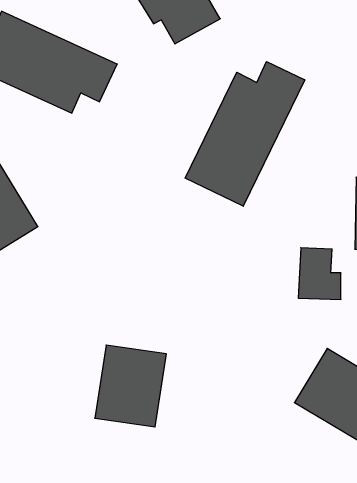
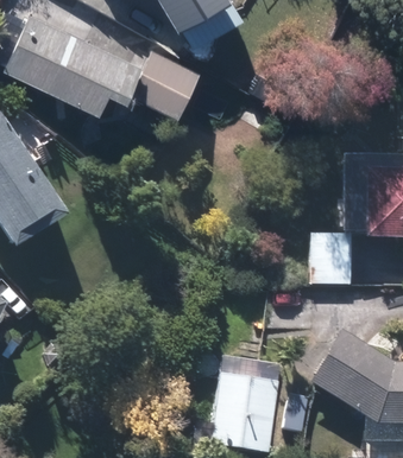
building: none -> [132,47,197,113]
building: [185,62,305,206] -> none
building: [95,345,166,427] -> [212,374,279,451]

